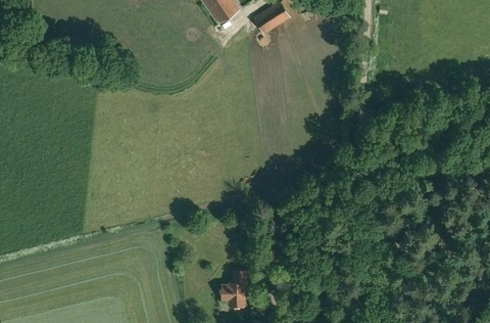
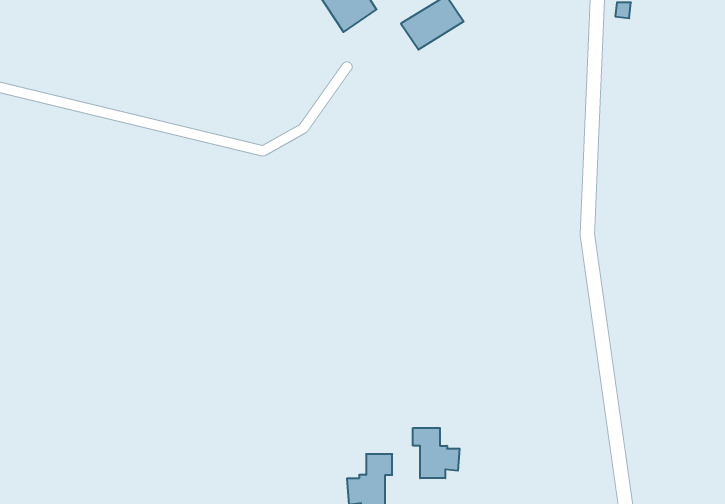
building: none -> [413,428,460,478]

